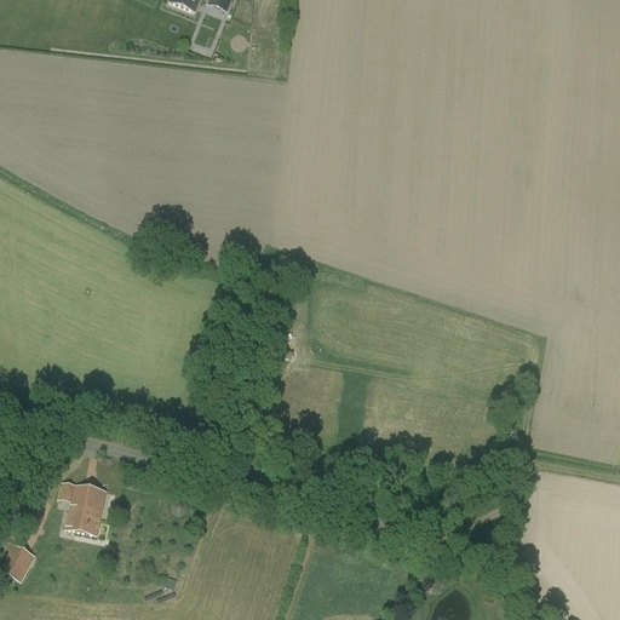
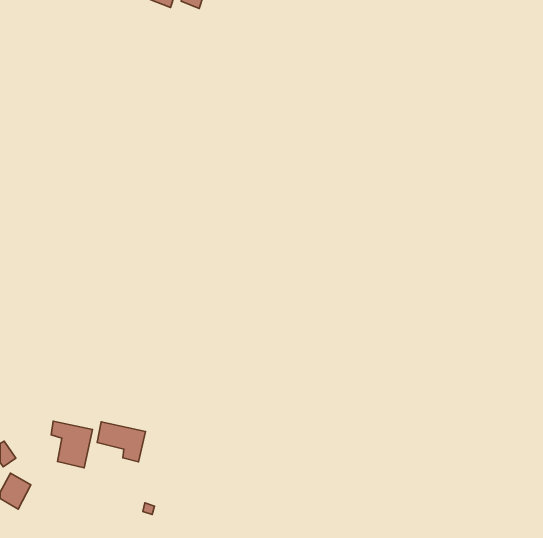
building: none -> [97,422,145,462]

